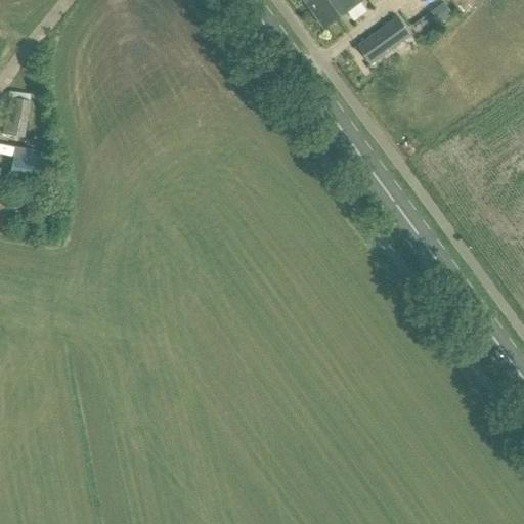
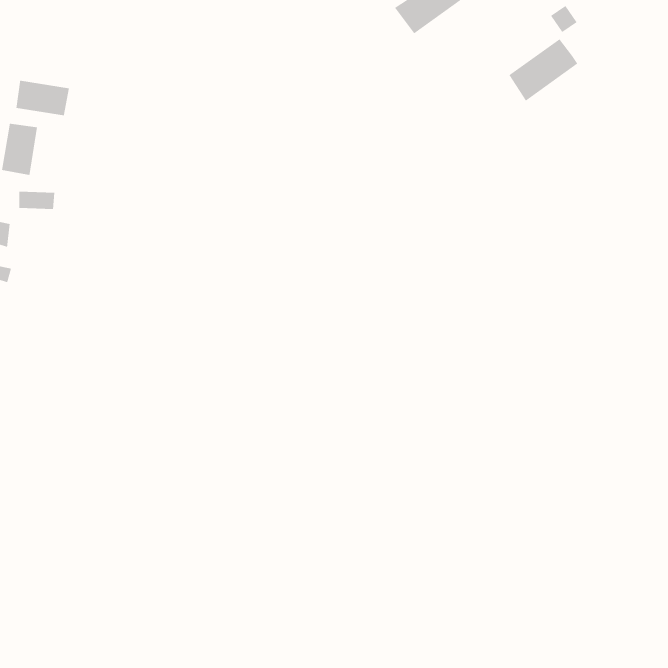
building: [356,15,410,64] -> [509,38,578,101]
building: none -> [16,80,70,116]

